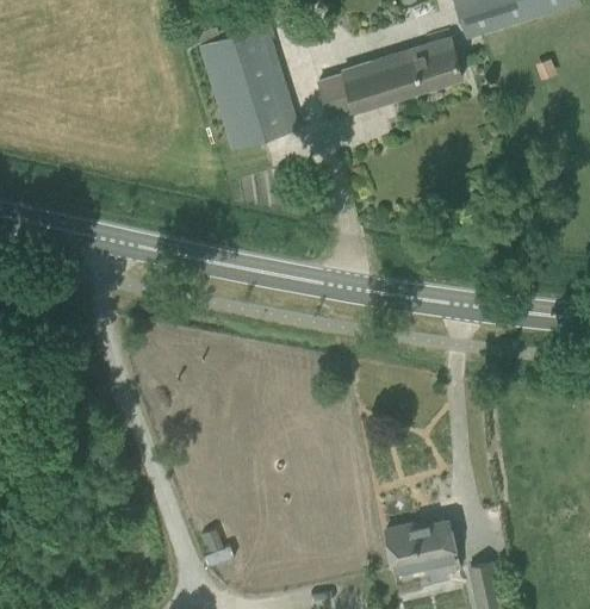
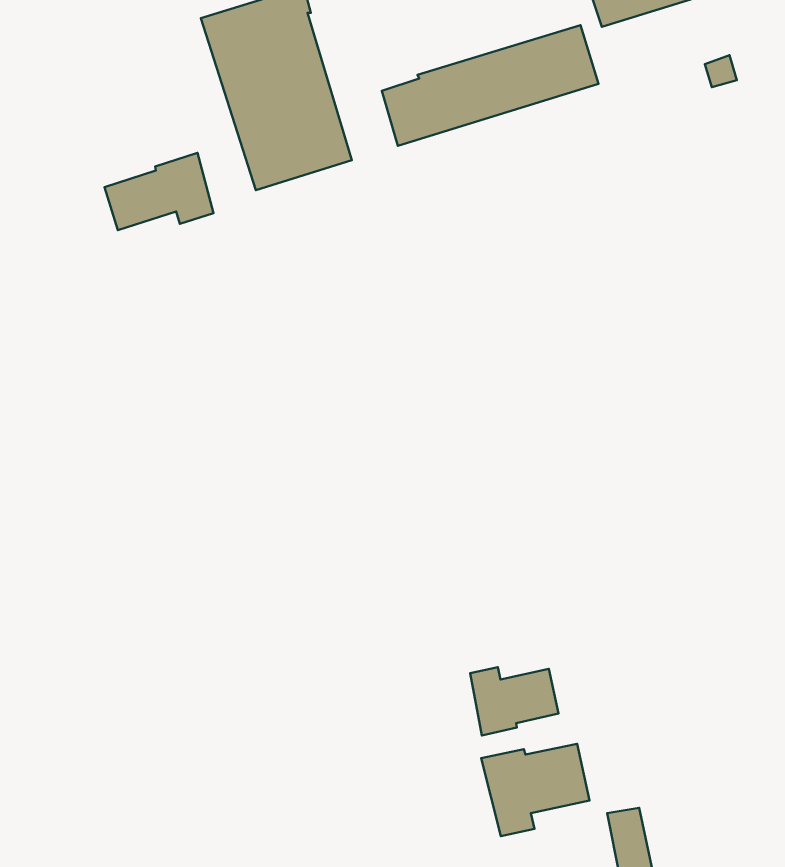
building: none -> [104,153,214,230]
building: none -> [470,667,559,736]

